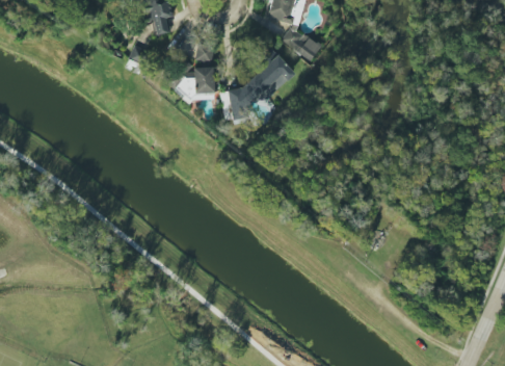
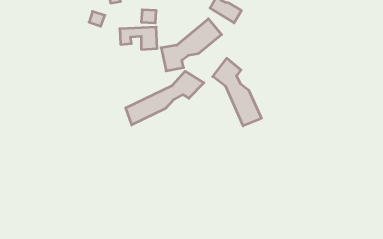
building: none -> [213,58,261,126]
building: none -> [126,71,204,125]

